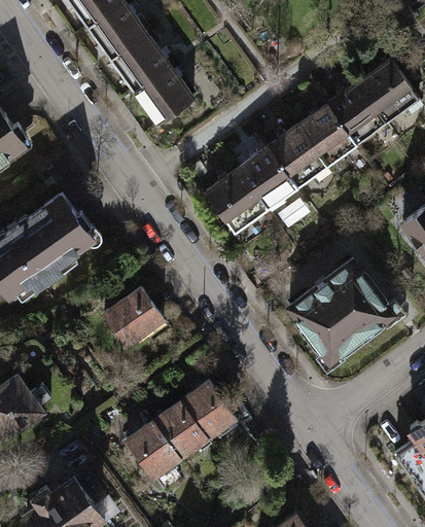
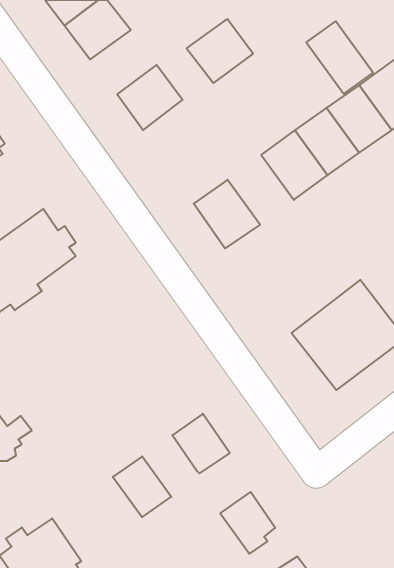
building: none -> [306,21,373,94]
building: [107,33,168,92] -> [187,19,253,83]
building: [233,147,293,211] -> none
building: [104,288,166,349] -> none
building: [154,403,205,460] -> [220,492,275,554]

